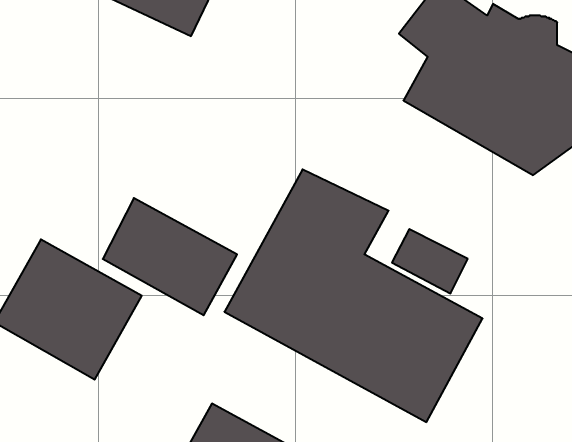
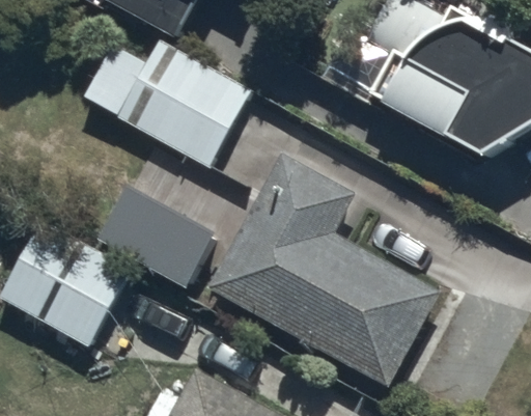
building: none -> [83,20,254,169]

